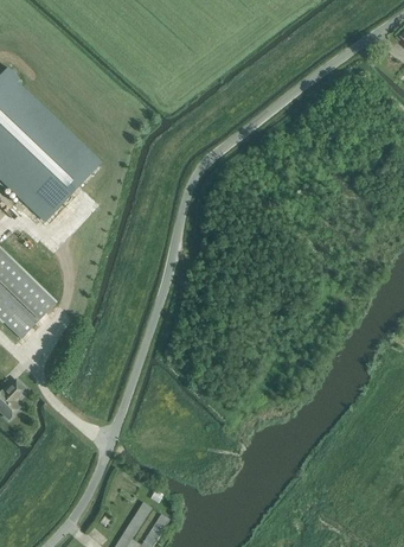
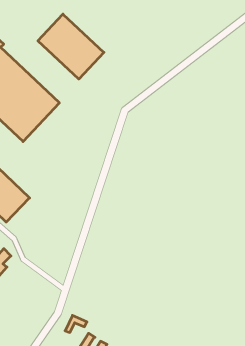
building: none -> [38,14,104,79]

